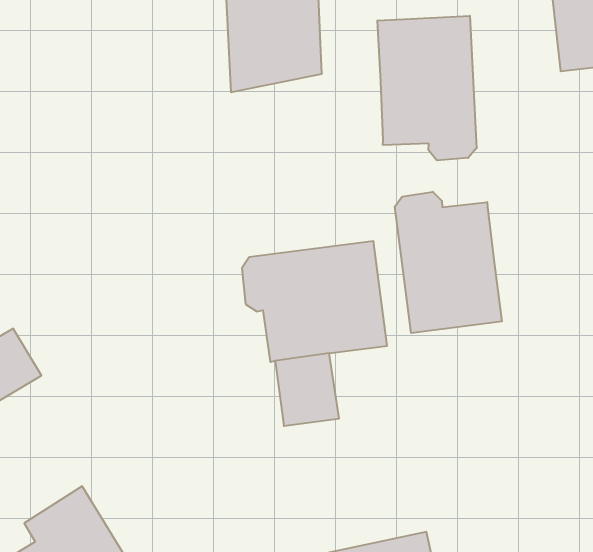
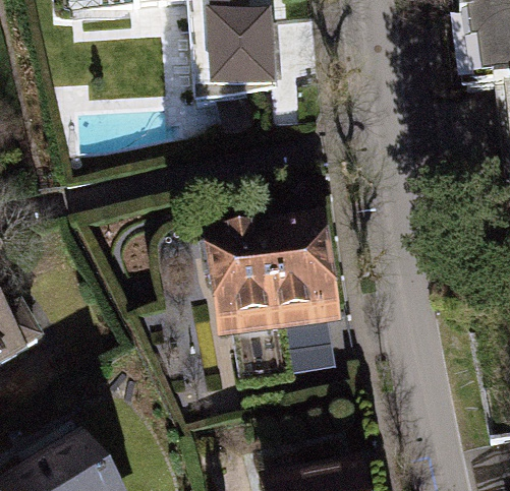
building: [378,16,477,160] -> none
building: [395,192,502,333] -> none

